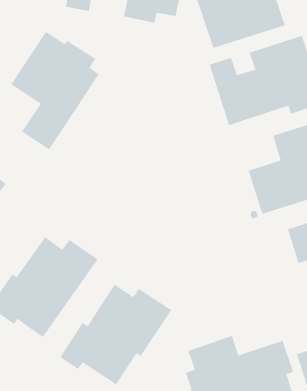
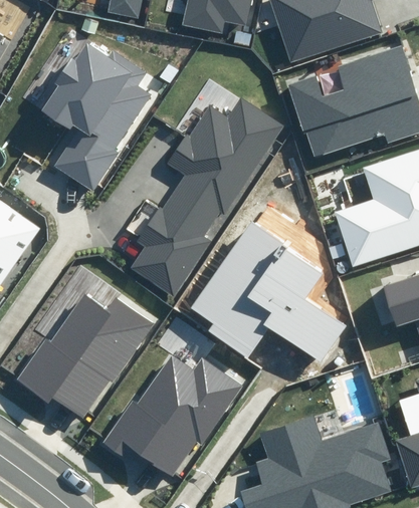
building: none -> [132,102,277,294]
building: none -> [189,219,344,359]

